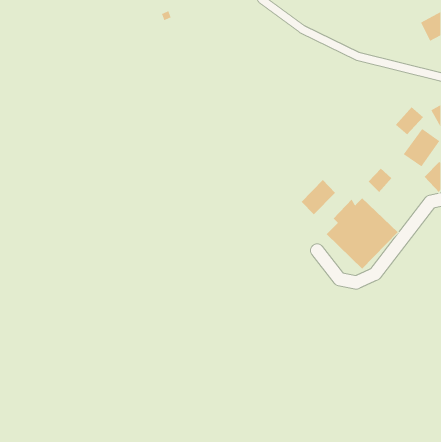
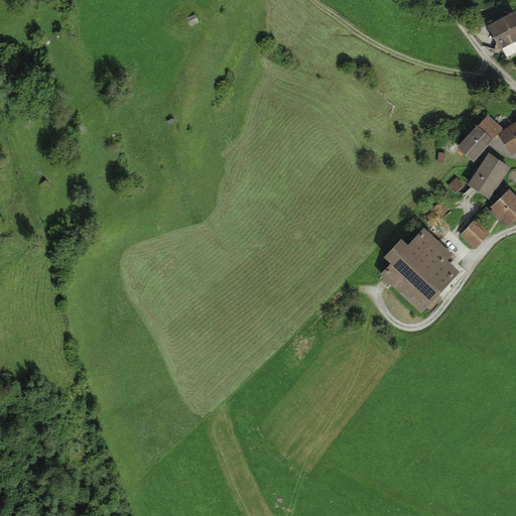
building: [368,168,392,193] -> [461,220,489,249]
building: [301,179,336,215] -> none

